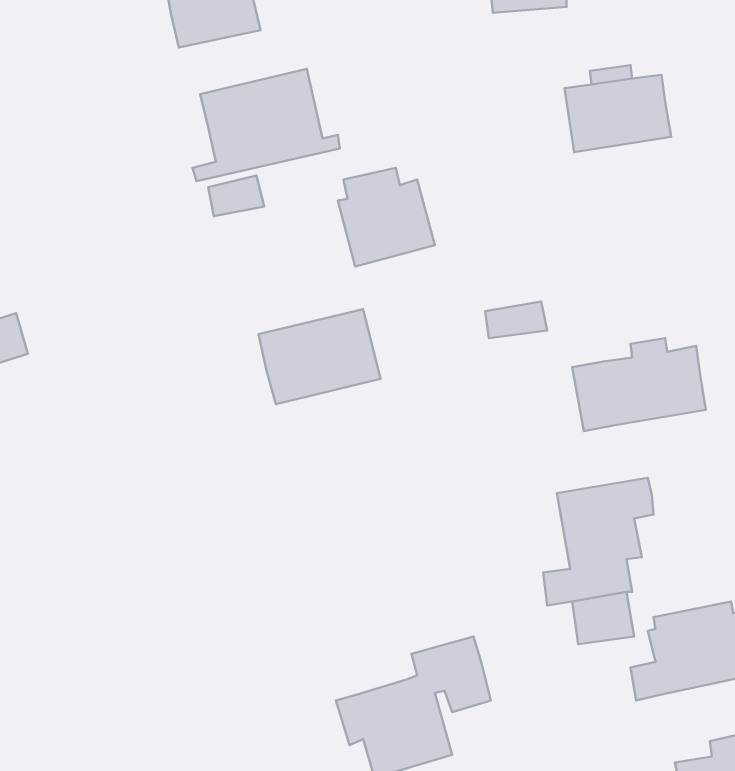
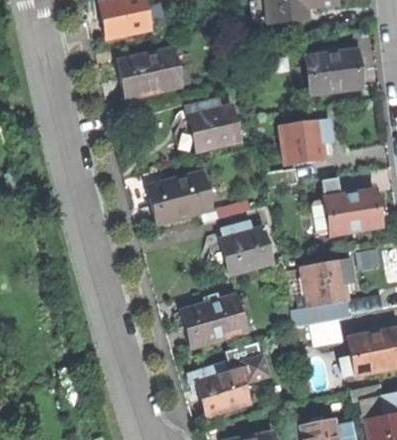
building: none -> [281,118,333,165]
building: none -> [206,211,271,273]
building: none -> [182,296,246,348]

